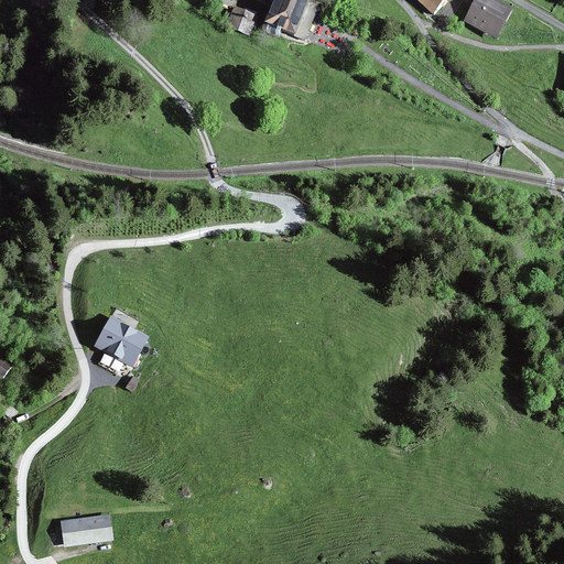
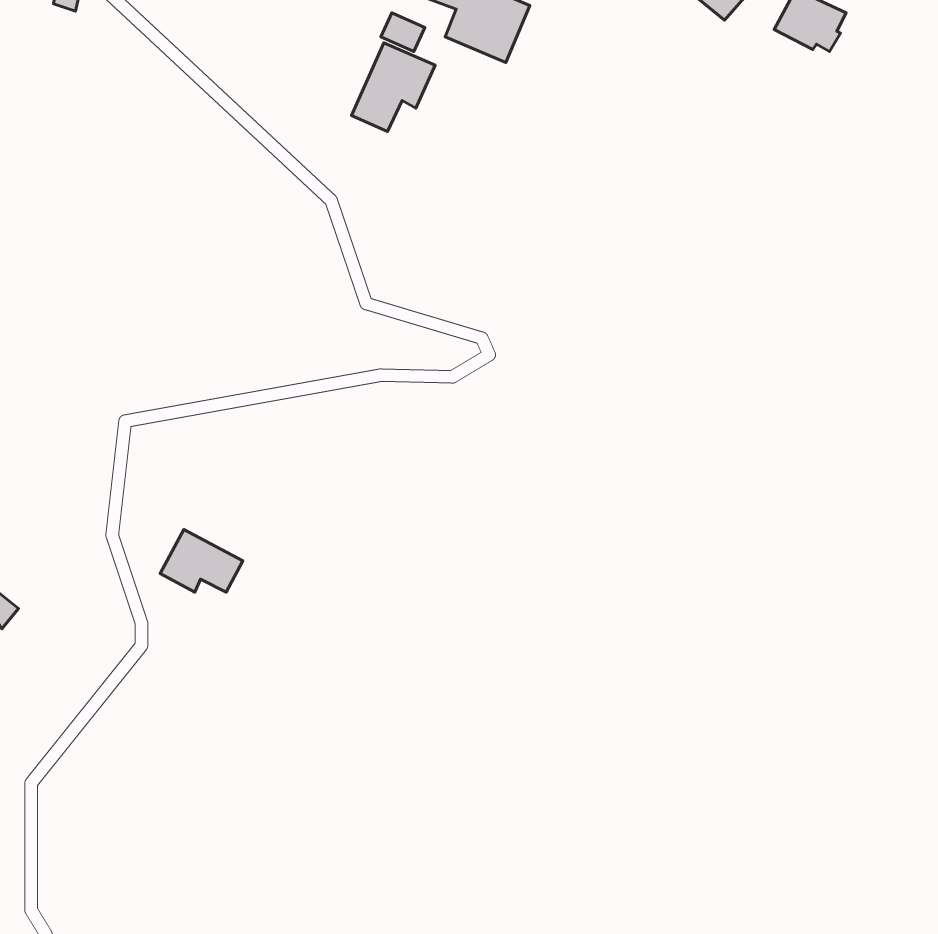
building: none -> [351,43,435,132]
building: [63,517,110,541] -> none

